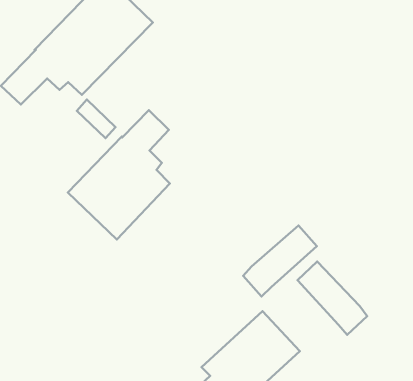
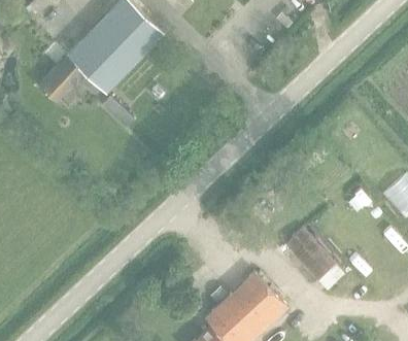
building: [68,110,170,240] -> none
building: [243,226,317,296] -> none

